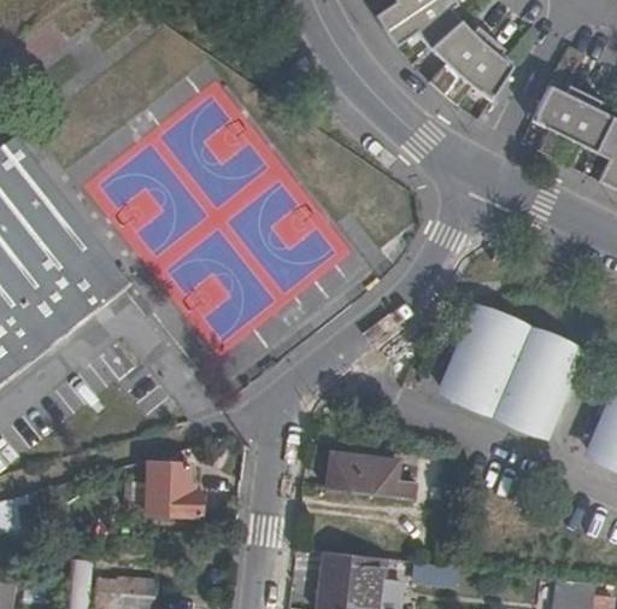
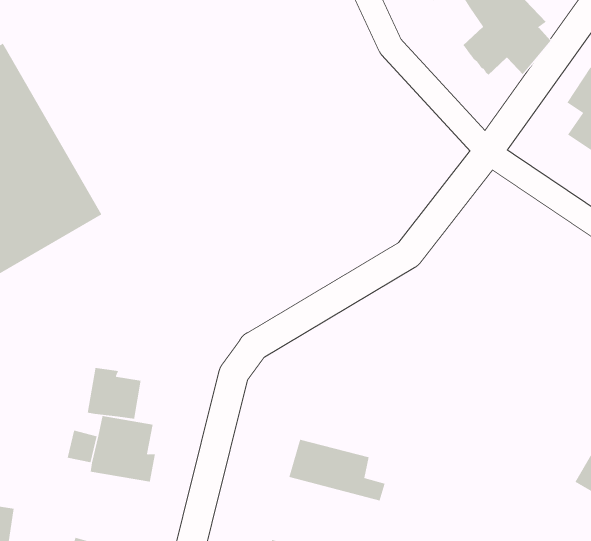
building: [440,318,572,437] -> none
building: none -> [87,367,141,419]

